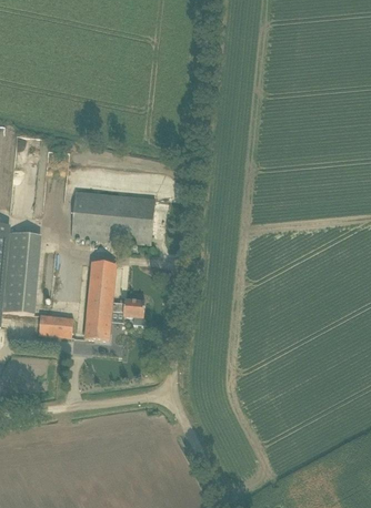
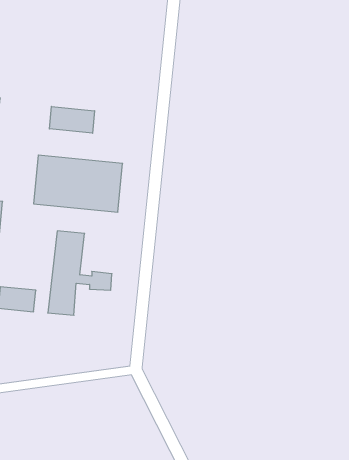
building: none -> [49,106,95,133]

